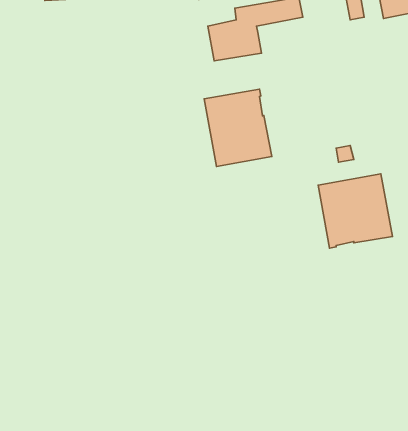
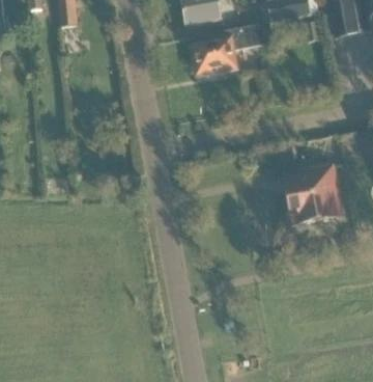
building: [204,89,272,166] -> none

